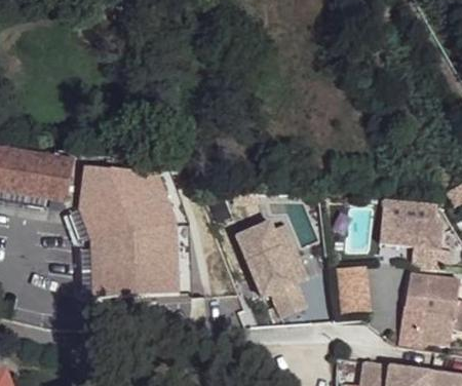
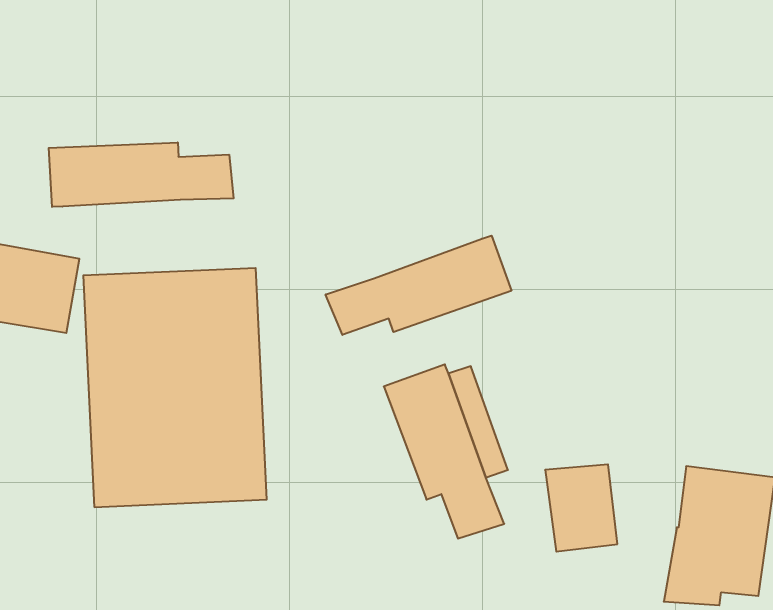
building: none -> [49,142,234,207]
building: none -> [326,236,511,335]
building: [377,202,441,268] -> none

